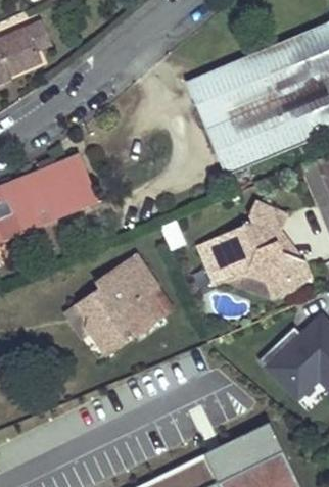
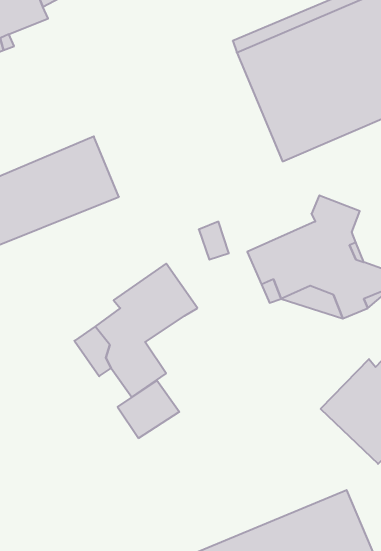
building: [119,294,167,339] -> [118,380,179,438]

